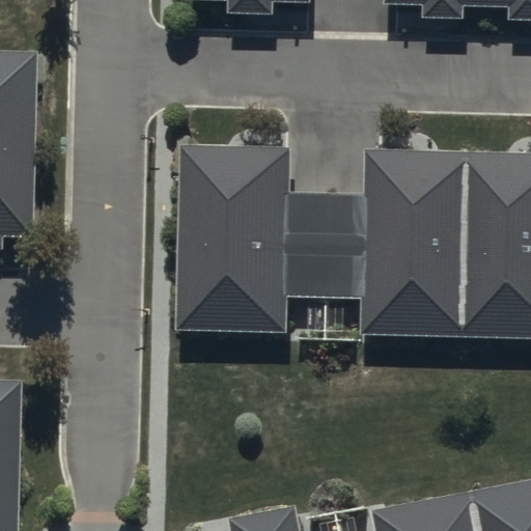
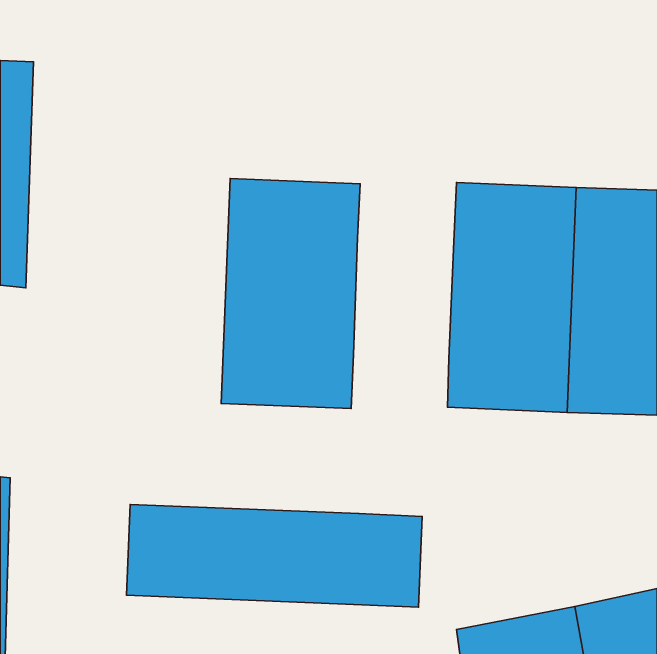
building: [285,194,366,291] -> none
building: none -> [126,505,422,607]

